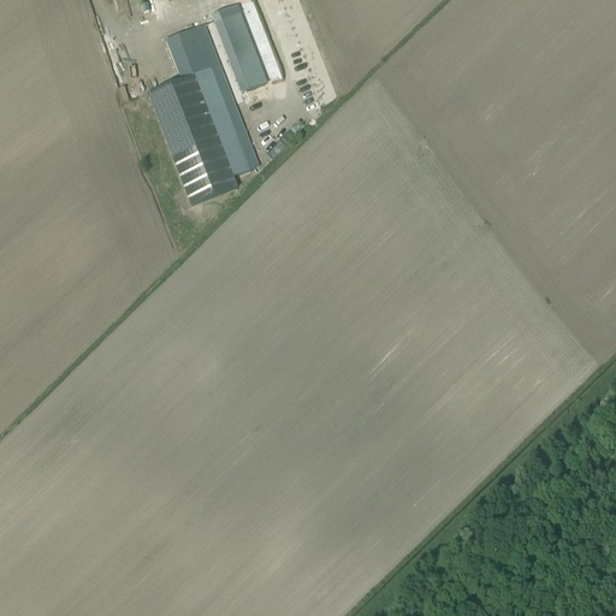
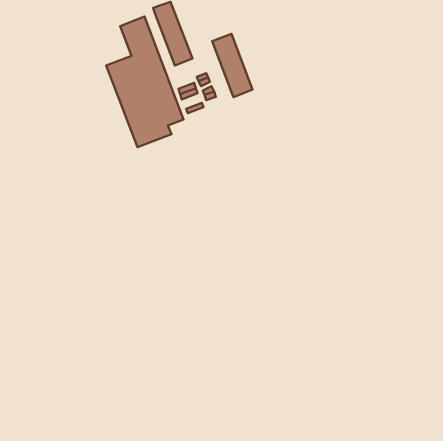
building: none -> [212,34,252,97]

